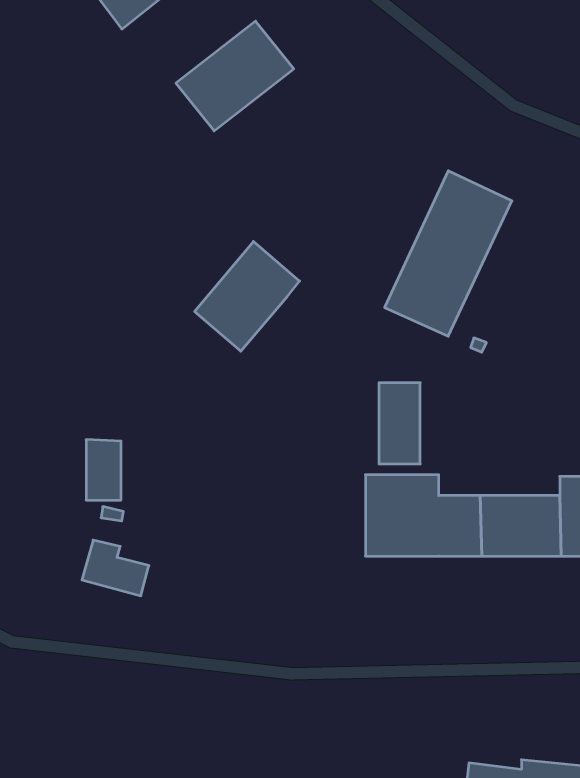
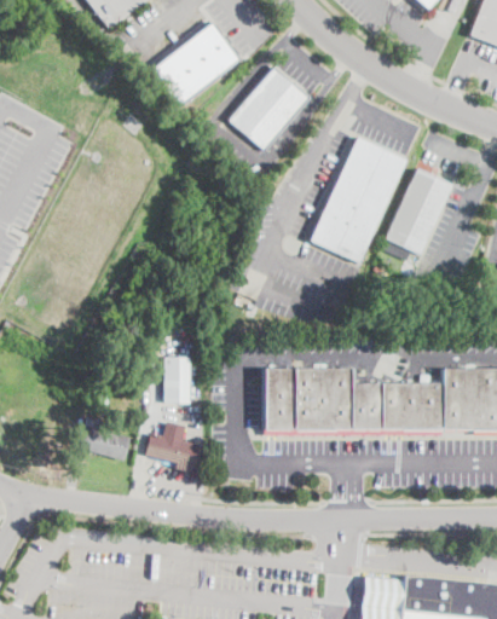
building: none -> [383,168,452,261]
building: [195,241,300,351] -> [230,68,310,151]
building: [379,383,420,464] -> [264,368,295,429]
building: [86,440,121,500] -> [164,357,191,403]
building: none -> [146,421,201,472]

